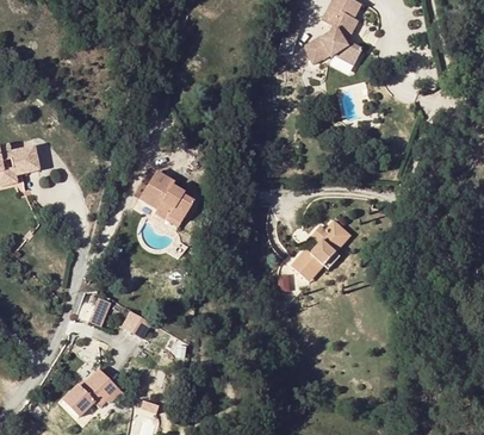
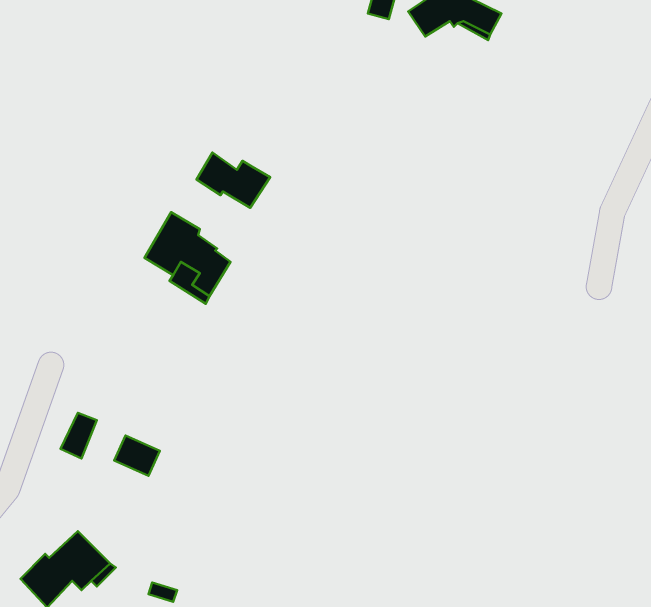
building: none -> [196,153,270,208]
building: [294,220,350,279] -> none

